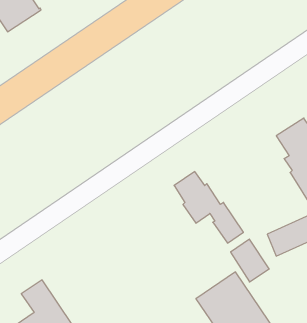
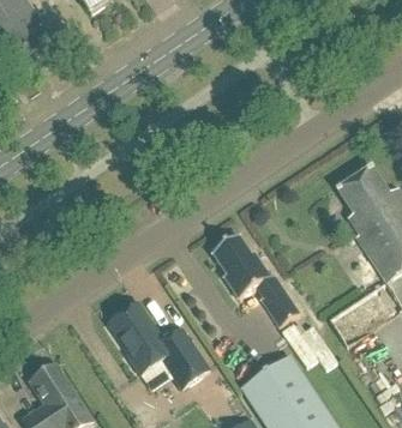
building: none -> [107,302,208,386]

